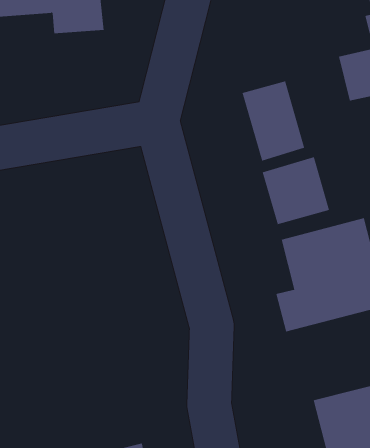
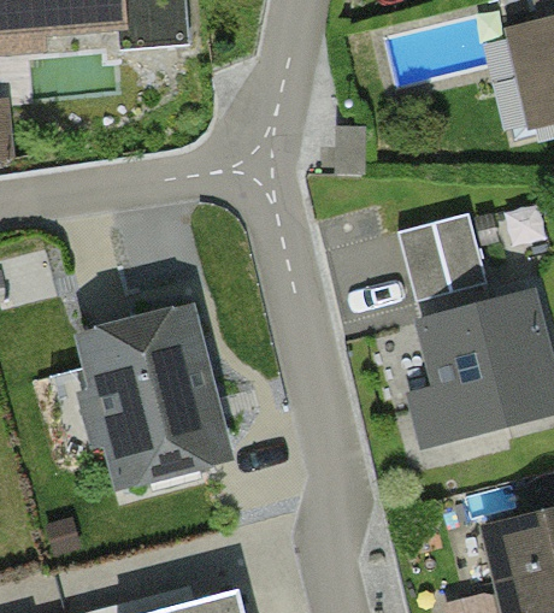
building: [242,80,305,161] -> none
building: none -> [89,316,222,479]

